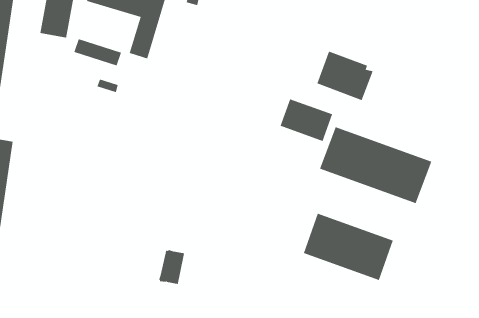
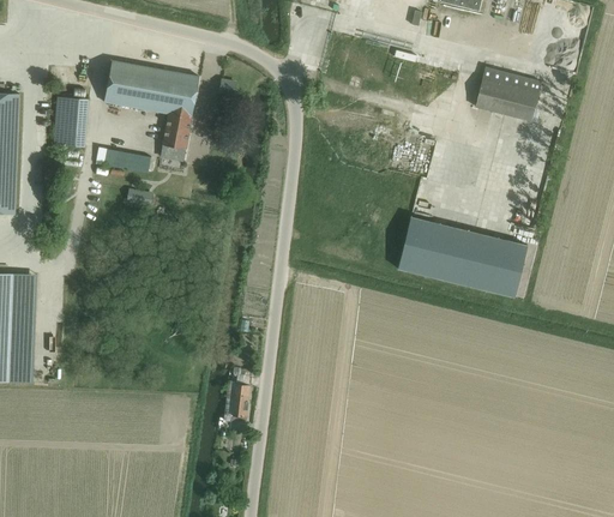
building: [317,51,374,101] -> [475,67,540,121]
building: [280,98,333,142] -> none
building: [303,213,393,281] -> none

